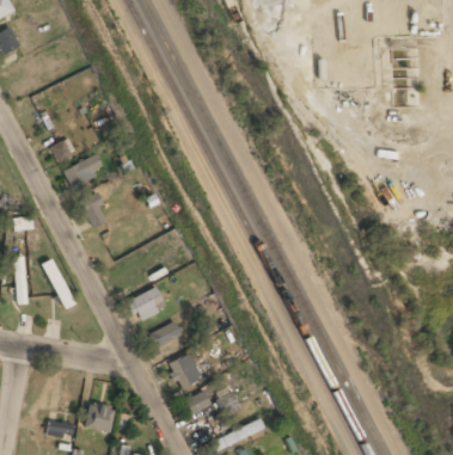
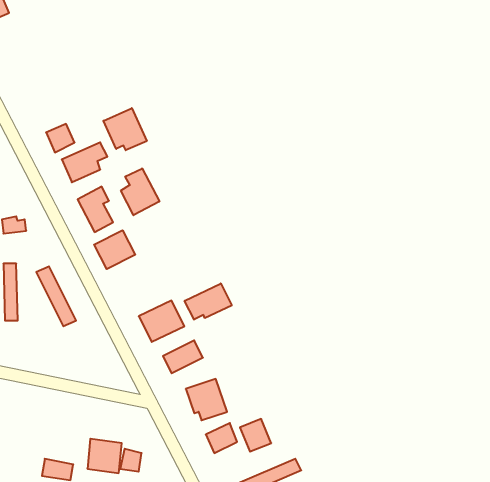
building: none -> [103,108,147,150]
building: none -> [121,168,159,215]
building: none -> [94,230,135,269]
building: none -> [185,283,232,320]

